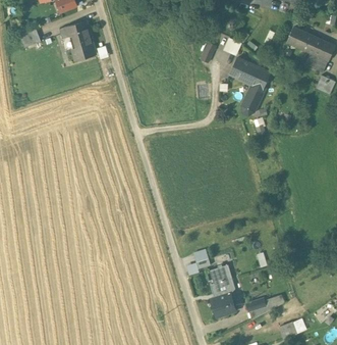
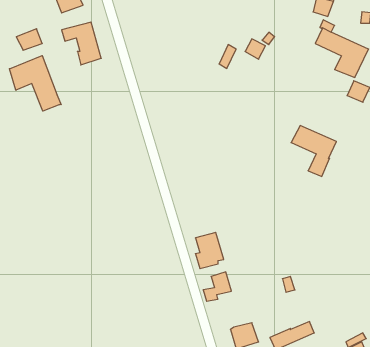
building: none -> [9,56,61,111]
building: [229,58,270,104] -> [291,126,336,176]
building: [209,264,234,297] -> [195,232,224,269]

